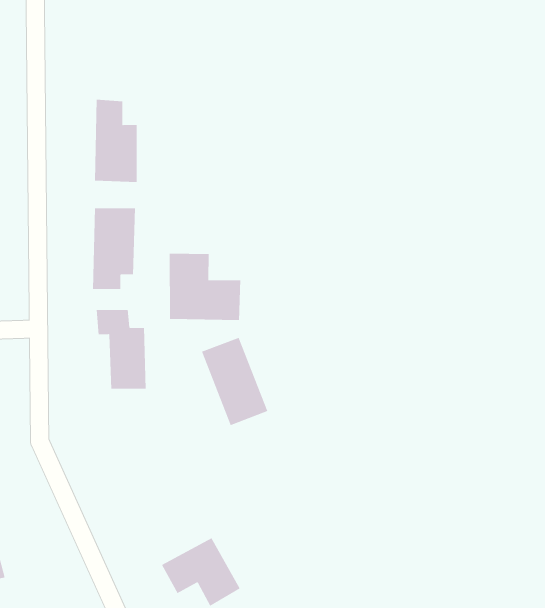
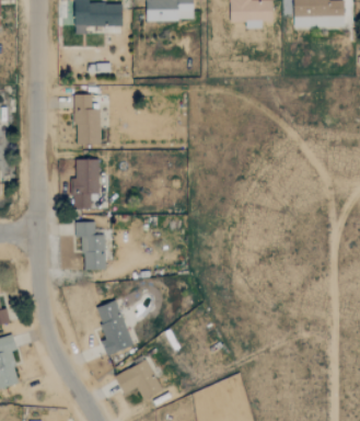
building: [169,253,241,321] -> none
building: [201,337,268,426] -> [94,300,135,354]

